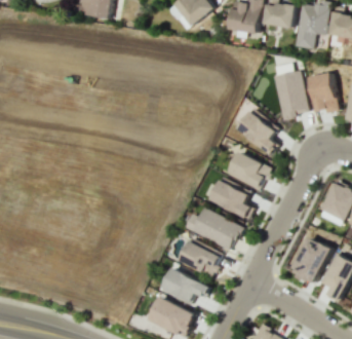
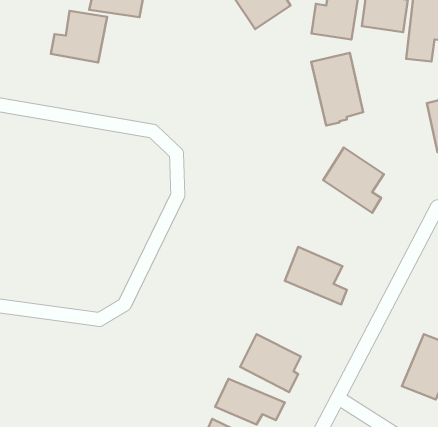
building: none -> [51,11,107,62]
building: [272,70,308,120] -> [311,53,363,126]
building: [229,152,270,188] -> none
building: [184,208,242,251] -> none

